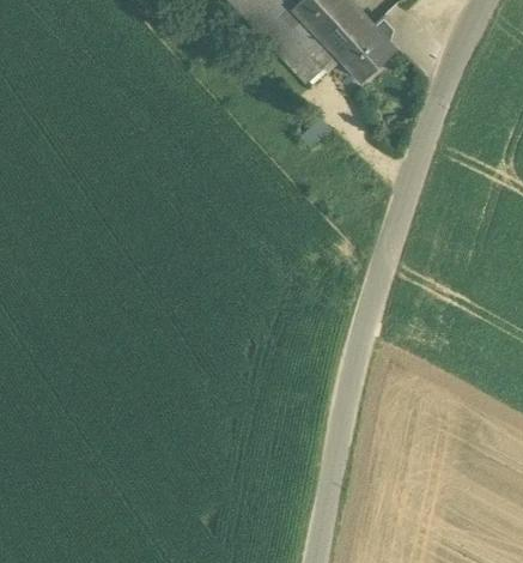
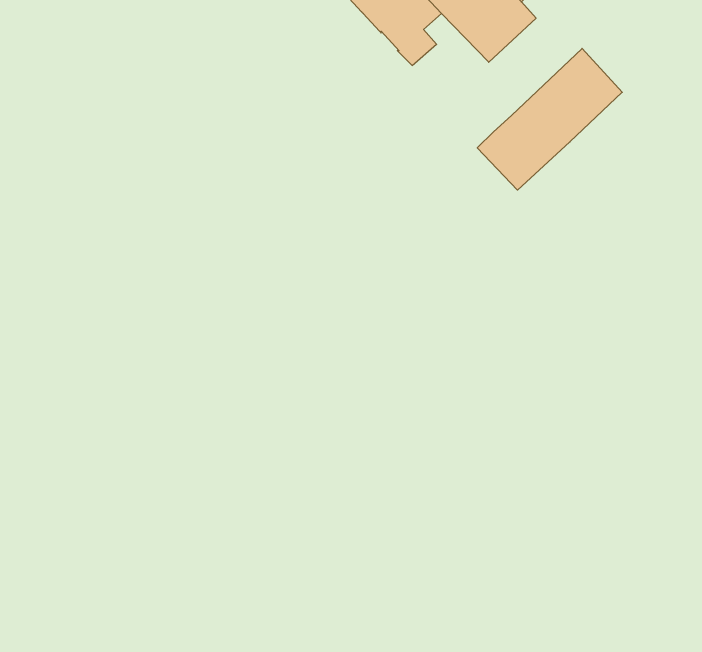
building: none -> [477,48,622,190]

